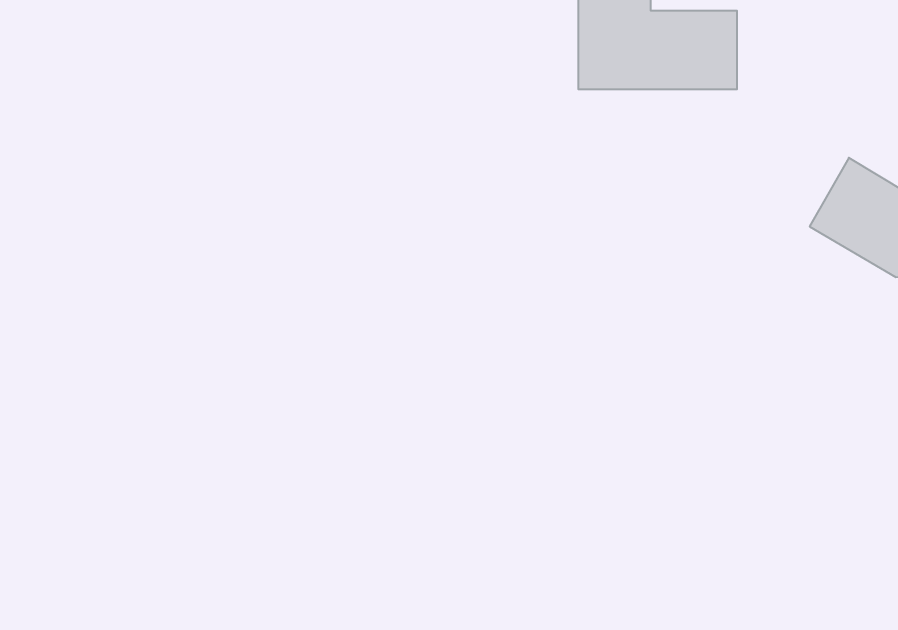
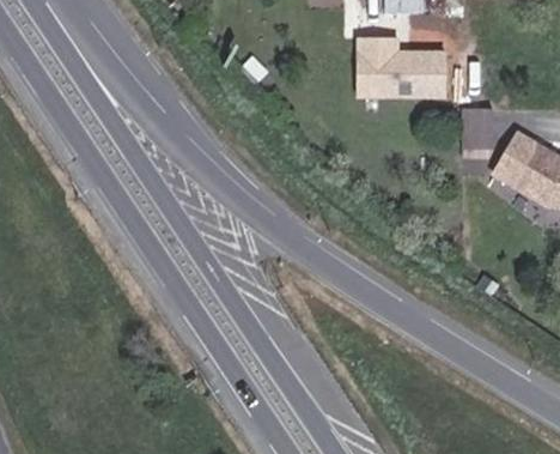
building: none -> [465,105,493,153]

